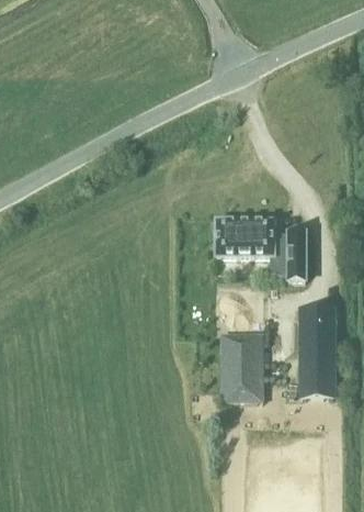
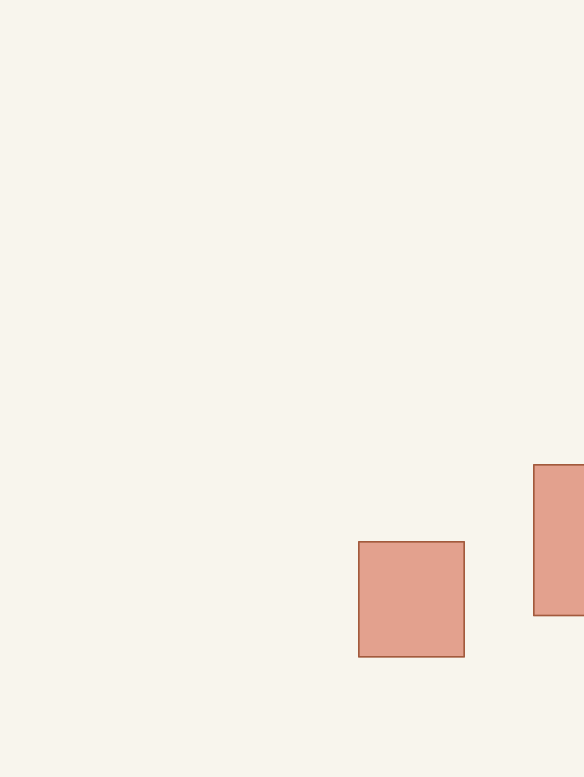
building: [227,216,314,276] -> none

